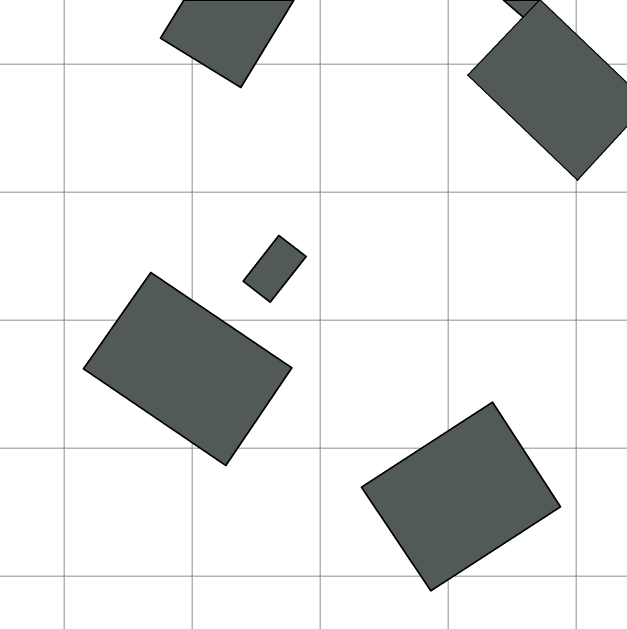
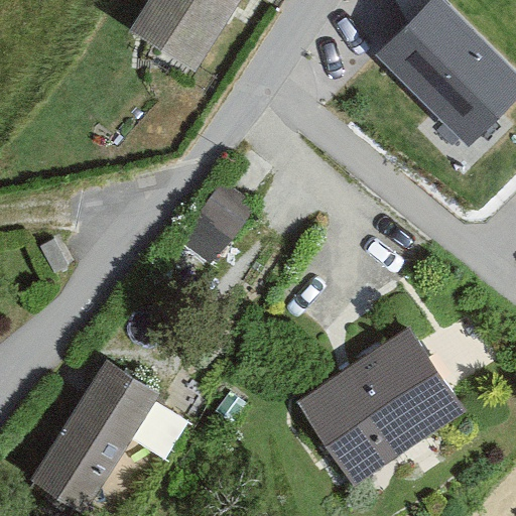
building: [83,272,292,466] -> none
building: none -> [14,352,153,507]

